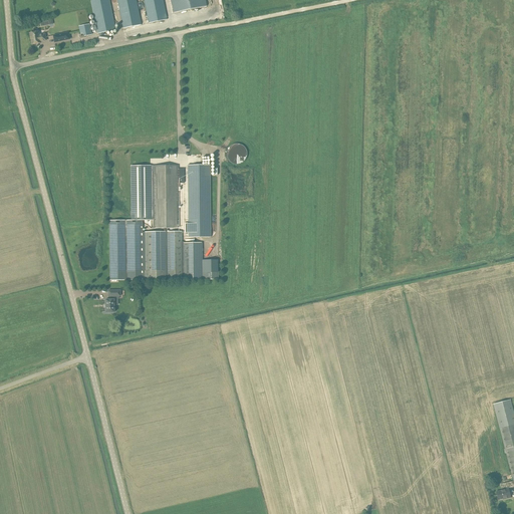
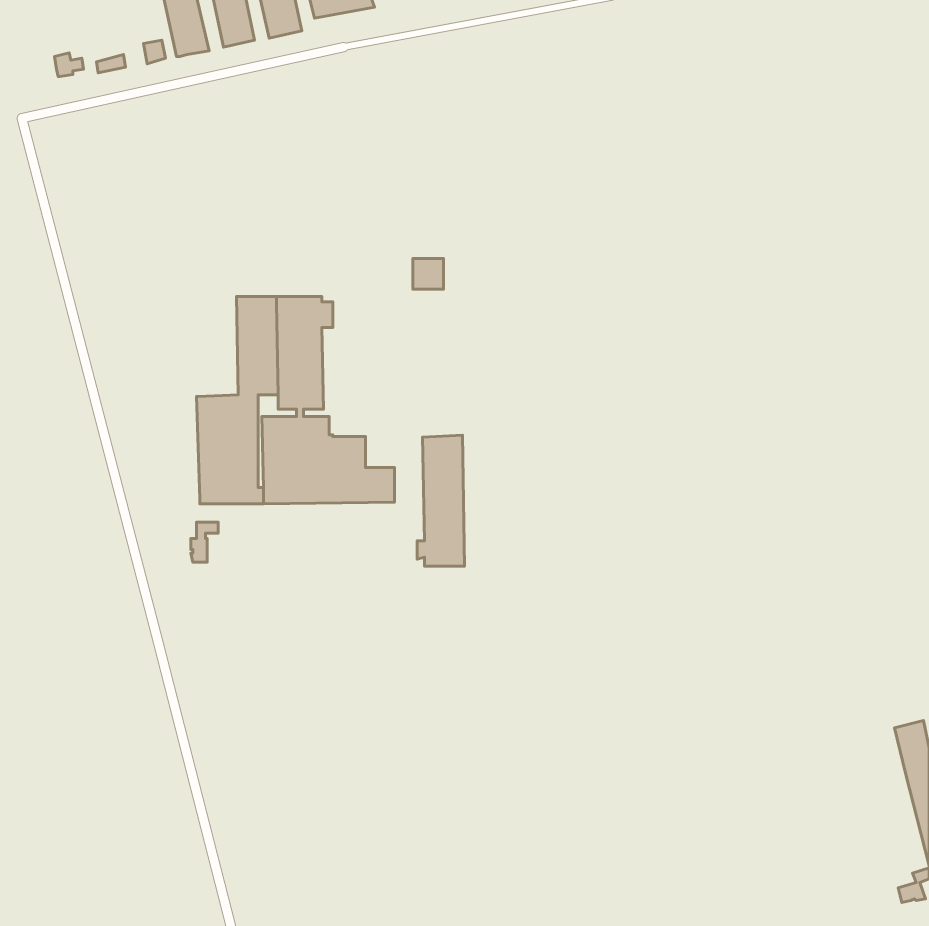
building: [185,163,211,235] -> [417,435,464,566]

